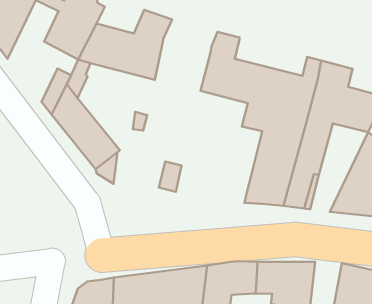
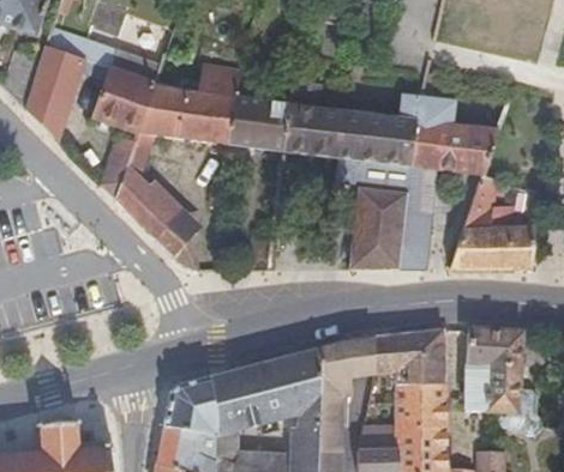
building: none -> [228,96,288,149]

